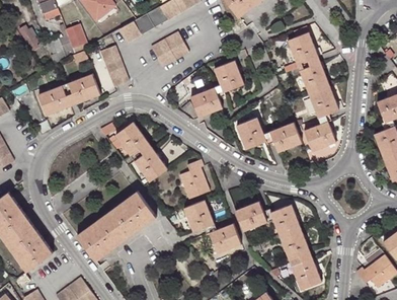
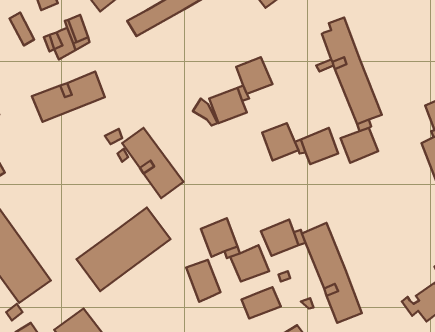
building: [152,33,189,68] -> none
building: [99,44,131,87] -> none
building: [179,159,210,200] -> none
building: none -> [186,260,221,302]
building: none -> [242,287,281,318]

